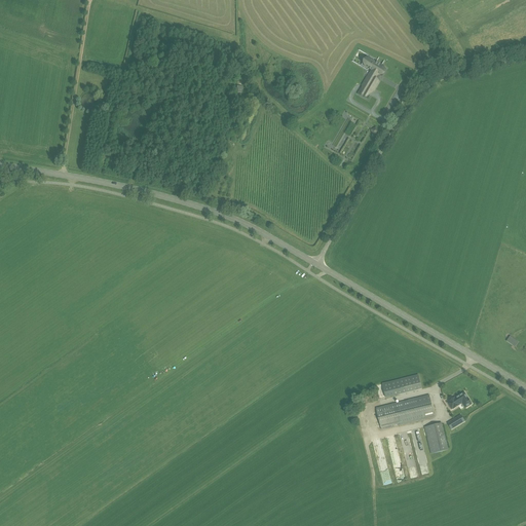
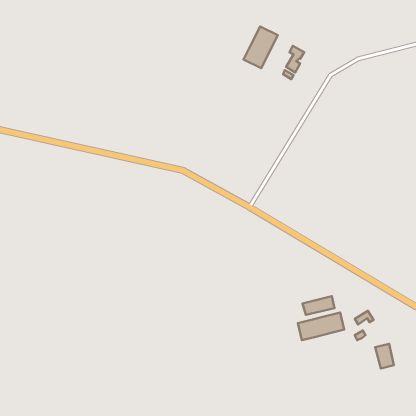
building: none -> [244,26,278,68]
building: [423,422,447,453] -> [375,344,394,368]

